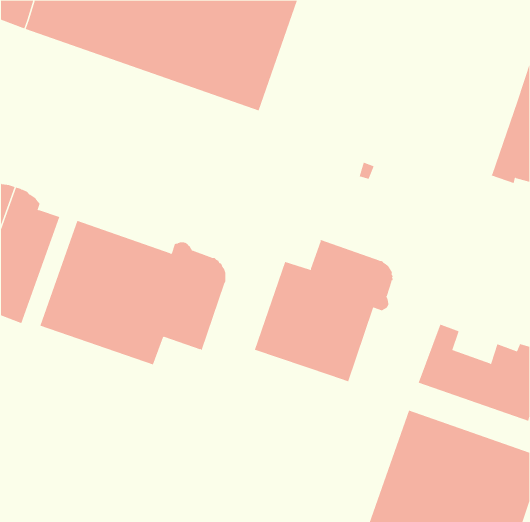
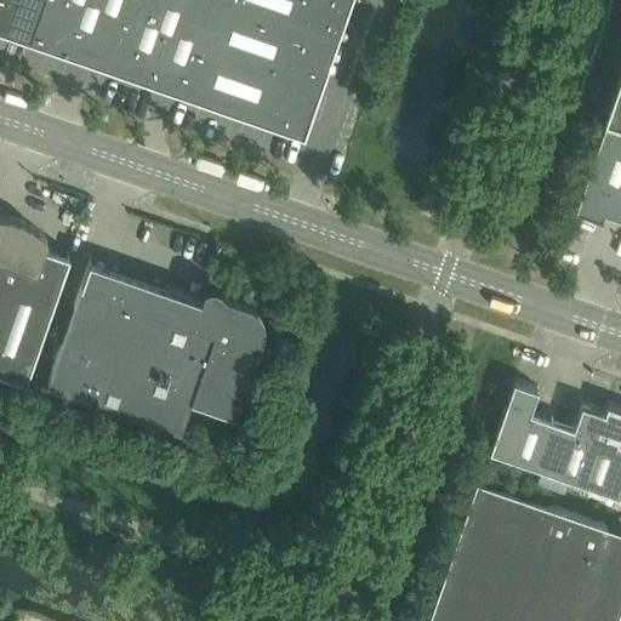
building: [254,239,393,382] -> none

